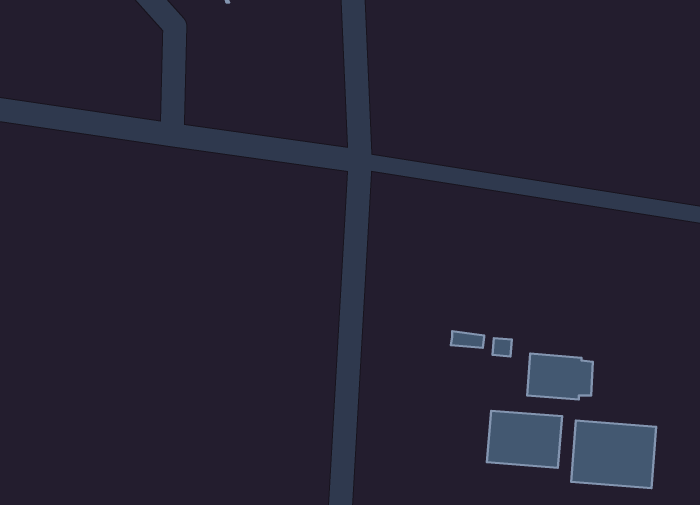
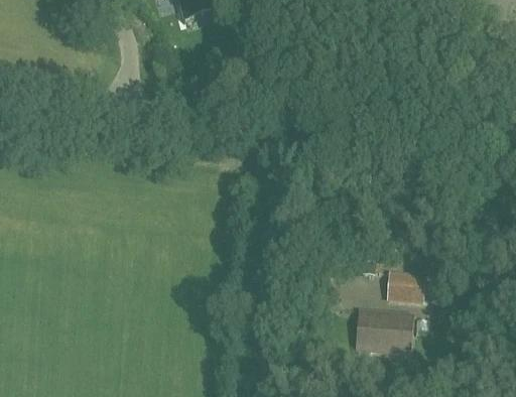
building: [571,420,656,488] -> none

